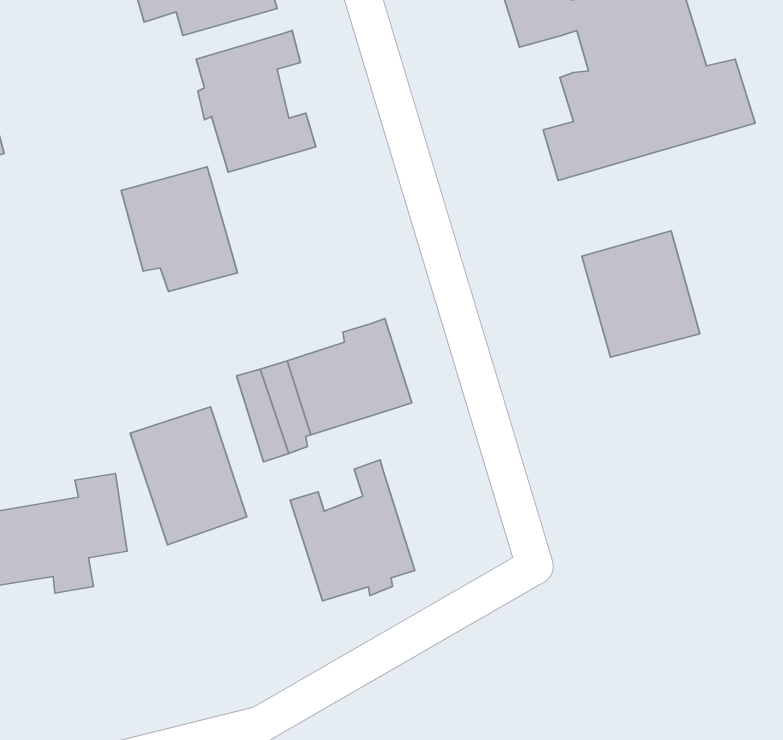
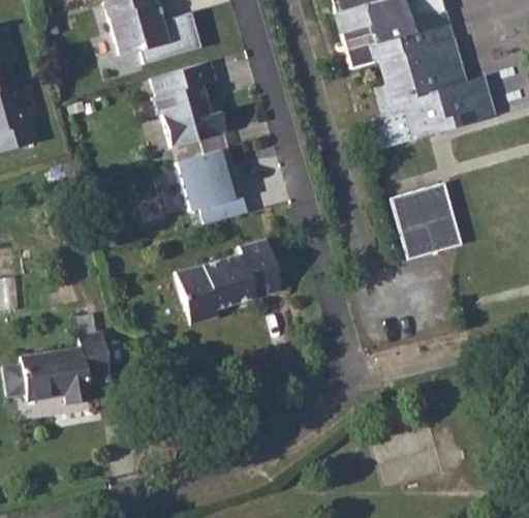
building: [121,167,238,291] -> [176,146,247,222]
building: [130,407,247,545] -> none
building: [290,460,415,601] -> none

